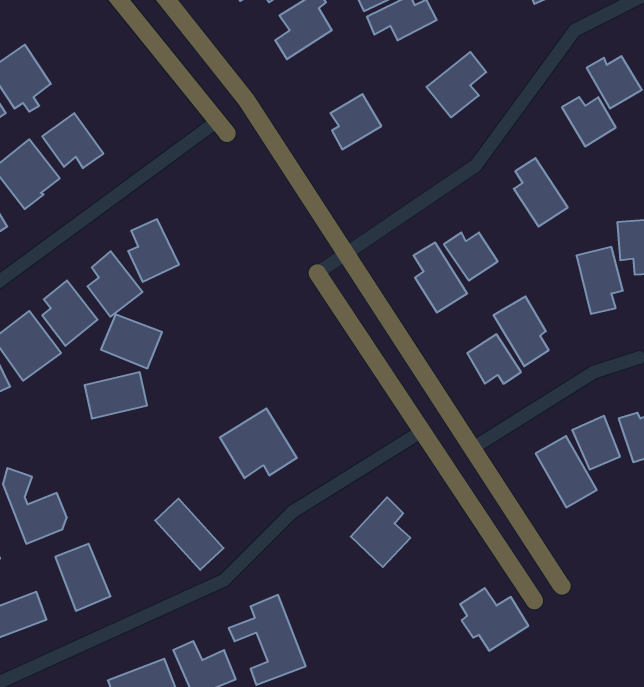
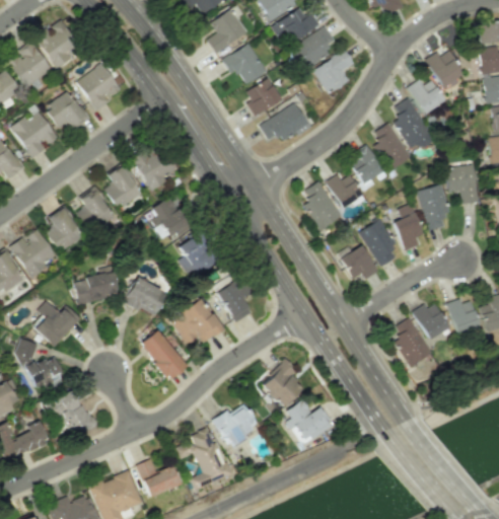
building: none -> [38,20,80,68]
building: none -> [291,25,337,70]
building: none -> [223,43,267,83]
building: none -> [77,63,121,109]
building: none -> [395,96,434,152]
building: none -> [260,103,310,141]
building: none -> [350,144,385,184]
building: none -> [136,147,174,191]
building: none -> [150,196,188,239]
building: none -> [395,203,423,250]
building: [101,315,162,368] -> [125,278,167,315]
building: none -> [179,233,218,275]
building: none -> [217,280,252,322]
building: none -> [33,300,82,347]
building: [155,499,224,570] -> [140,329,188,379]
building: none -> [215,402,257,448]
building: [460,588,528,651] -> [285,399,333,443]

